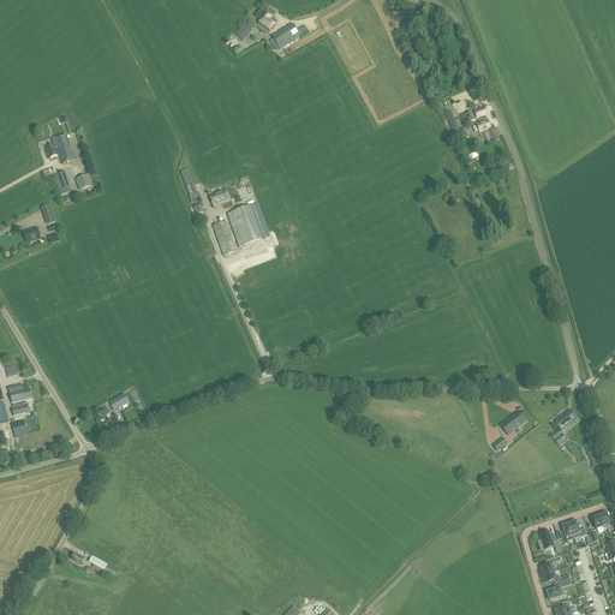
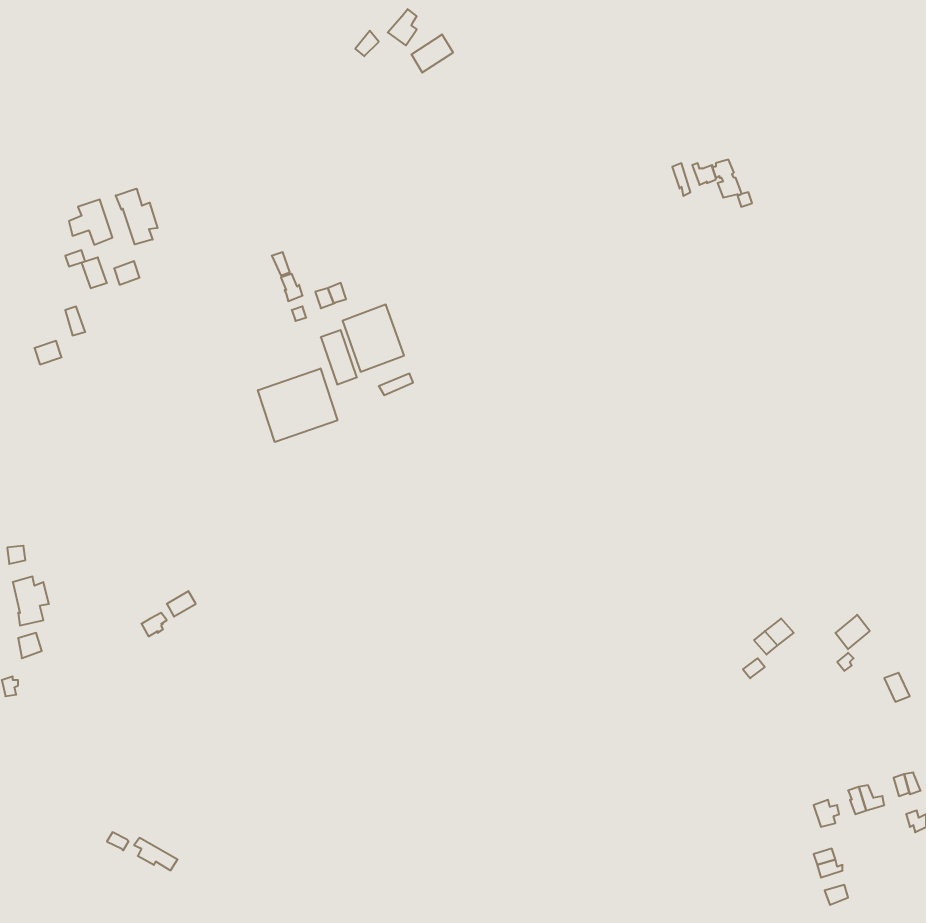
building: none -> [116,189,158,244]
building: none -> [258,368,337,442]

